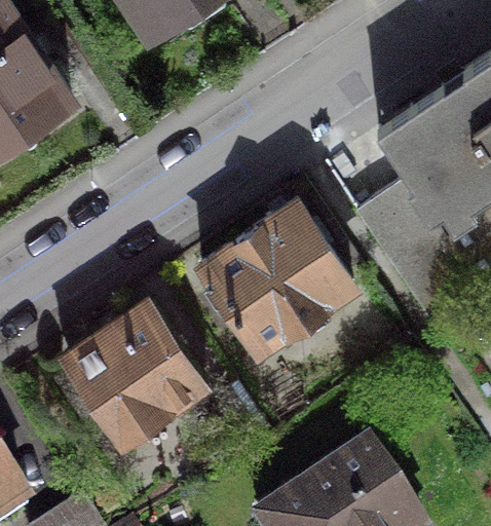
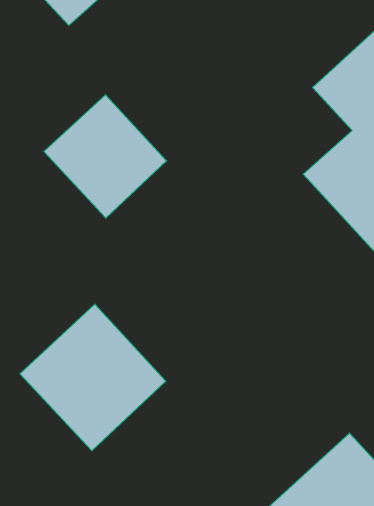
building: none -> [44,95,167,218]
building: [201,198,353,346] -> none

